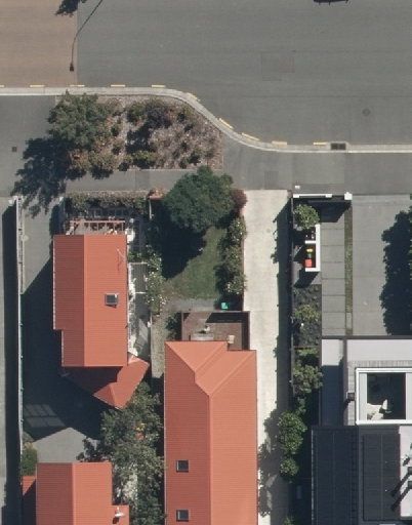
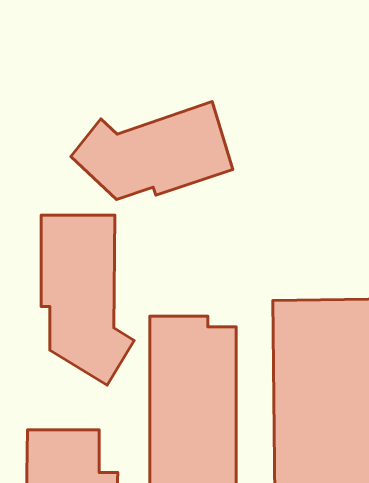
building: none -> [71,102,233,200]

